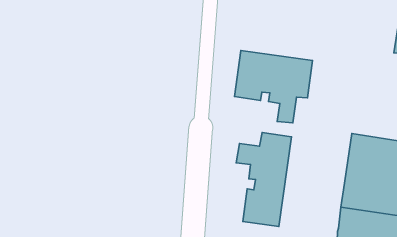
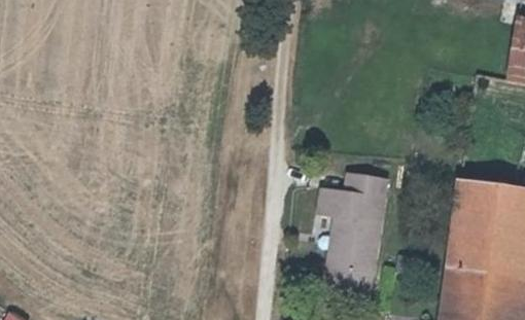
building: [234,51,313,123] -> none

